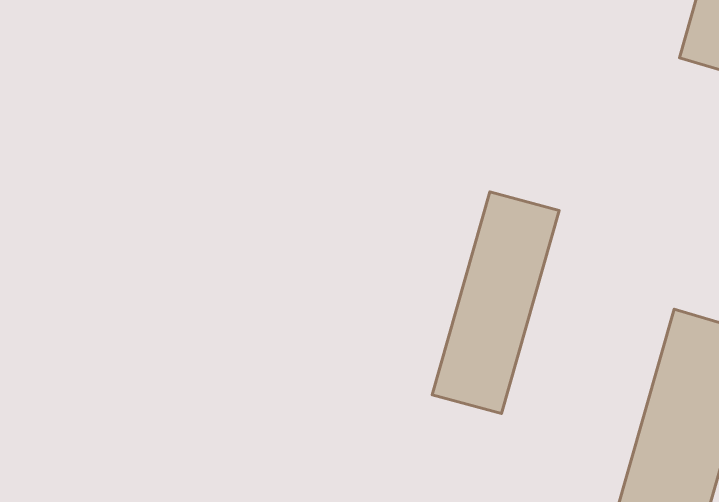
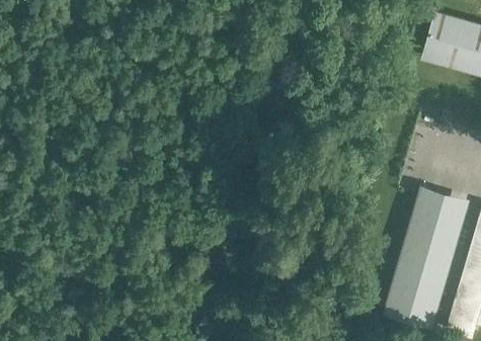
building: [432,192,559,413] -> none

